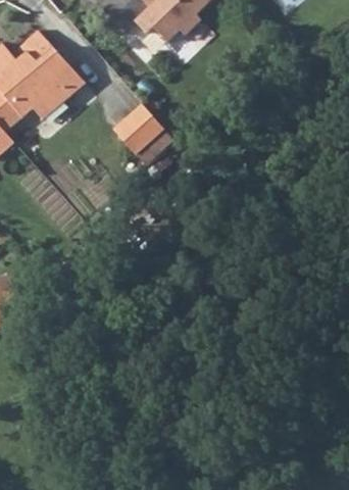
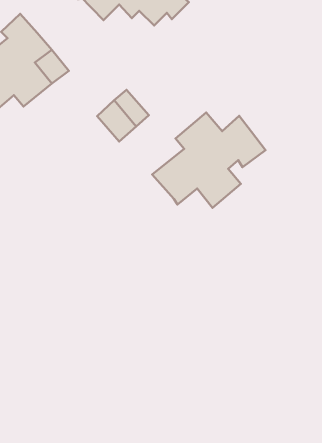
building: none -> [152,113,265,208]

